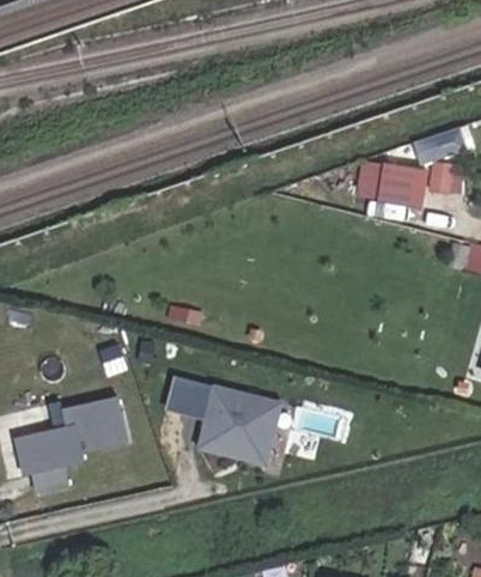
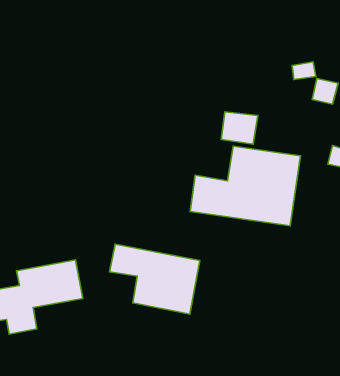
building: [380,175,428,217] -> [221,112,258,144]
building: none -> [190,146,301,226]

